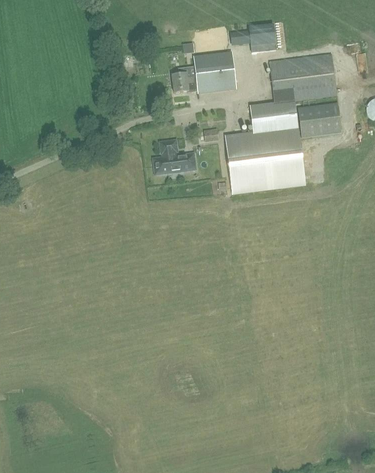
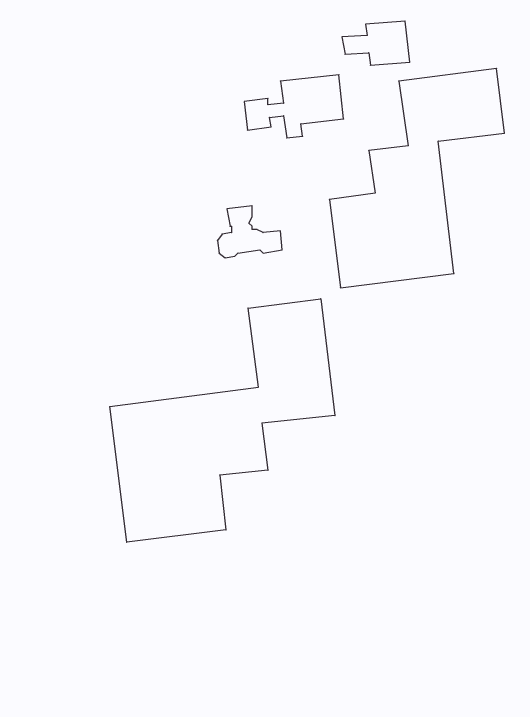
building: [298,102,341,137] -> none
building: none -> [110,299,335,542]

